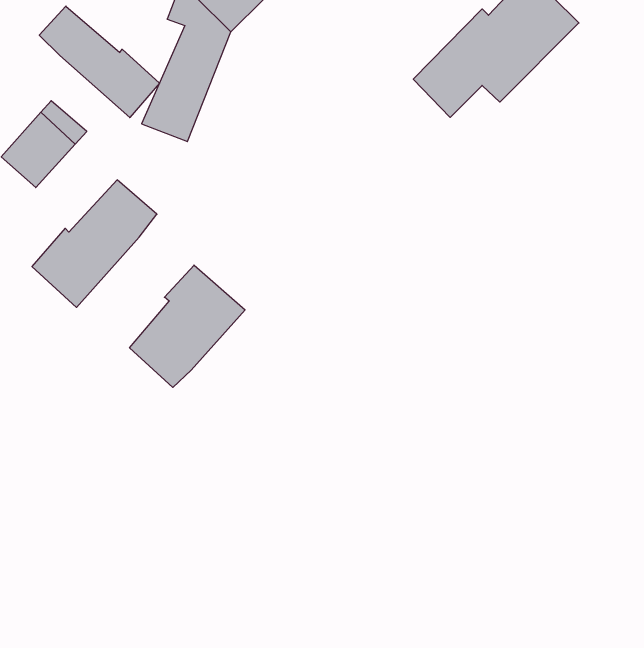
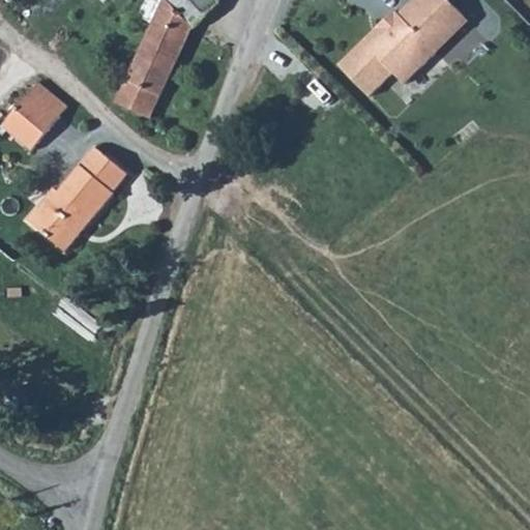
building: [39,6,159,118] -> none
building: [130,265,245,387] -> none

